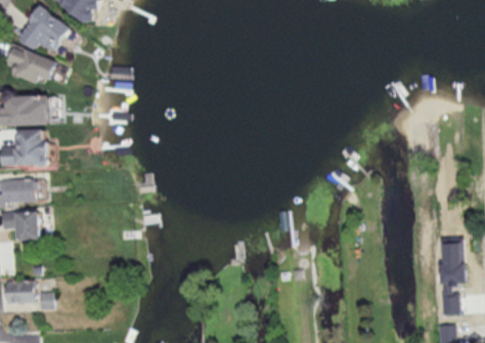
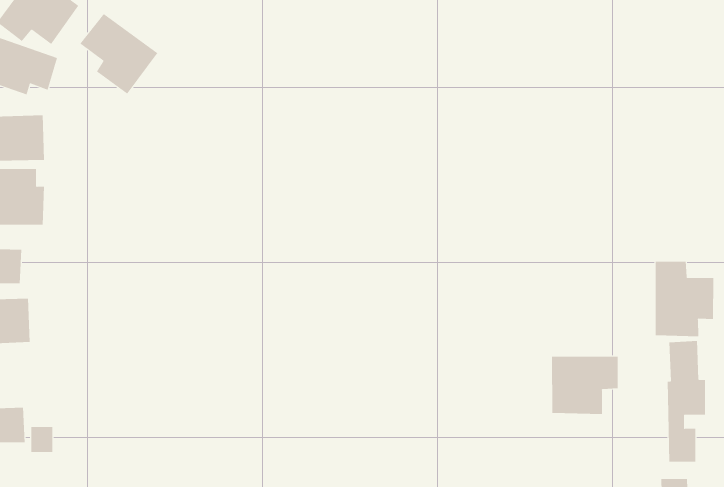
building: none -> [79,13,158,95]
building: none -> [655,261,714,337]
building: none -> [552,356,618,415]

